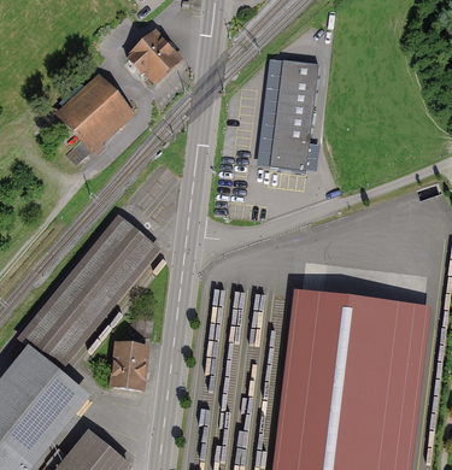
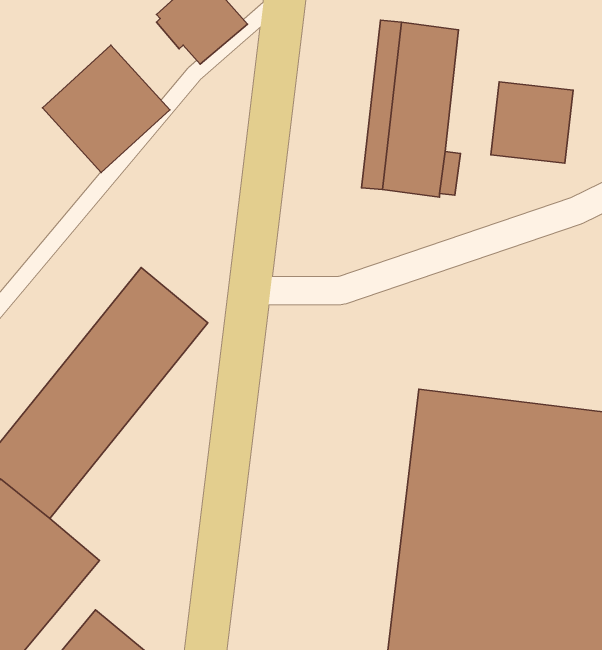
building: none -> [491,82,573,163]
building: [108,341,149,392] -> none

